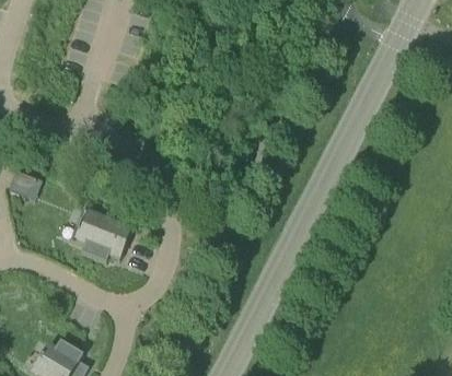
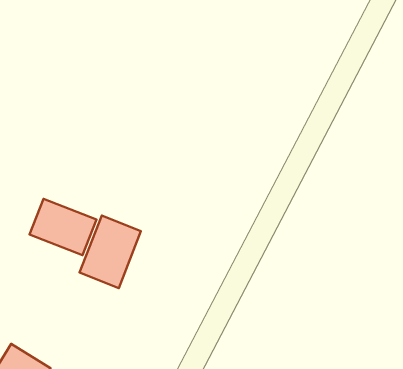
building: none -> [80,216,141,288]

